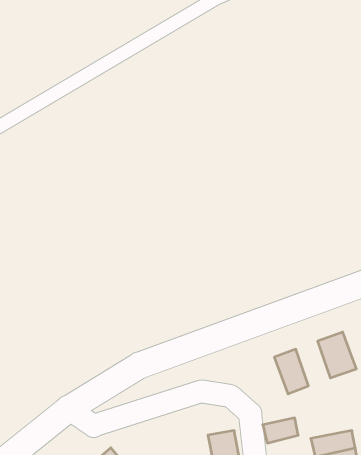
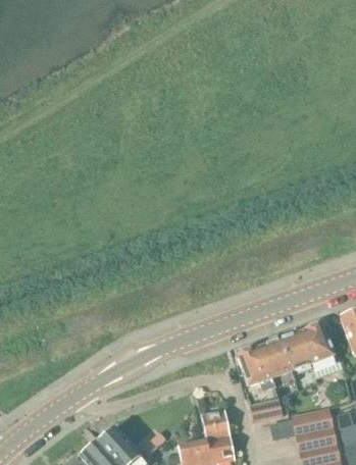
building: none -> [279,331,310,371]
building: none -> [237,346,275,394]

